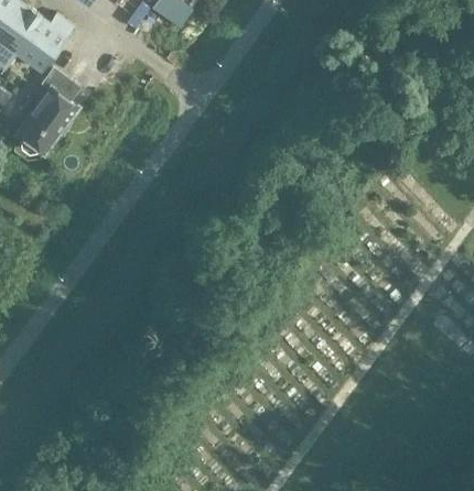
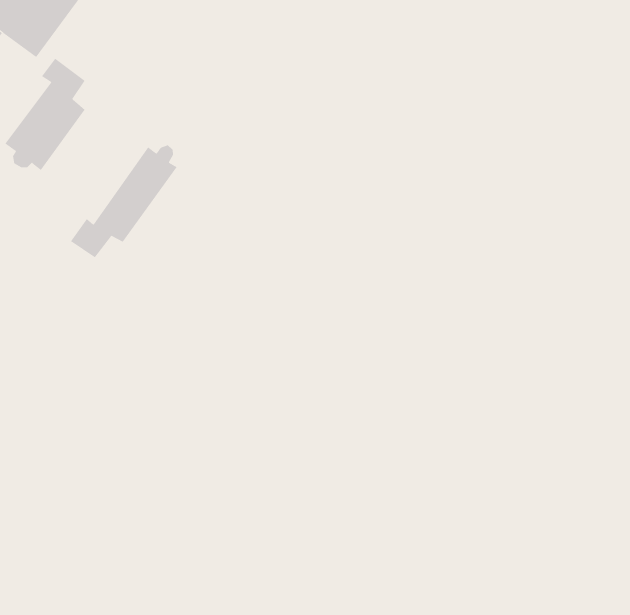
building: none -> [70,145,178,258]

